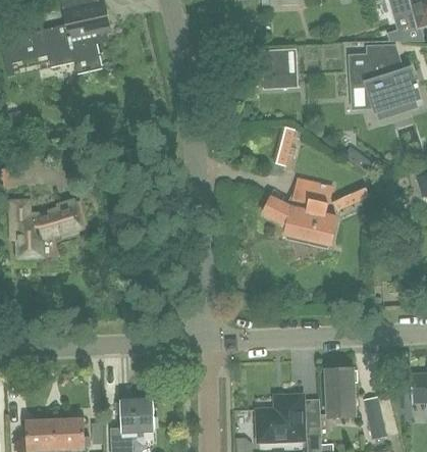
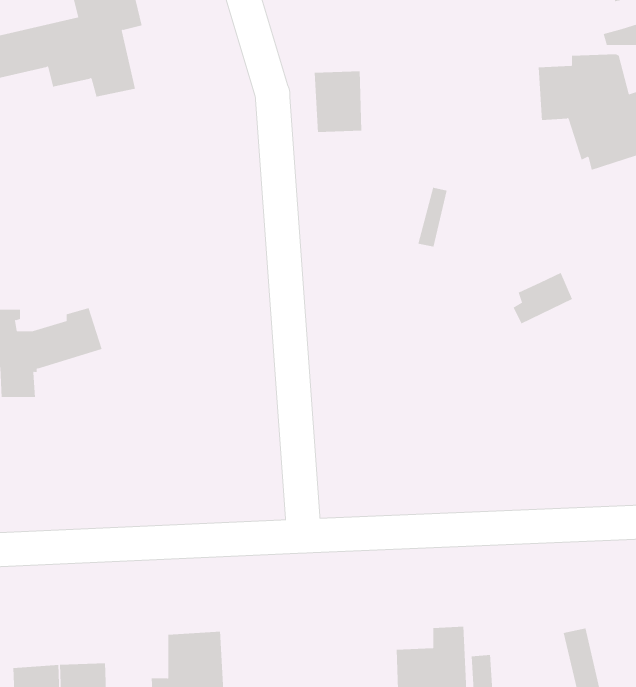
building: [262,50,291,88] -> [314,71,362,133]
building: [263,180,337,245] -> none
building: [326,368,356,418] -> none

